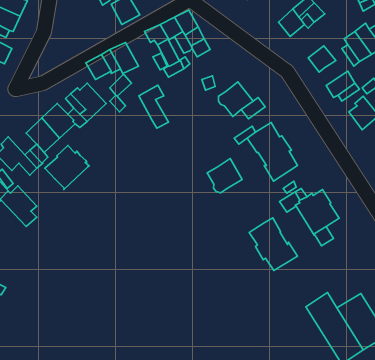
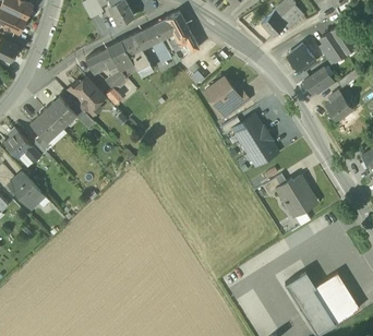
building: [139,85,169,128] -> [121,32,148,71]
building: [45,145,89,189] -> none
building: [207,159,242,193] -> none
building: [249,218,297,271] -> none

